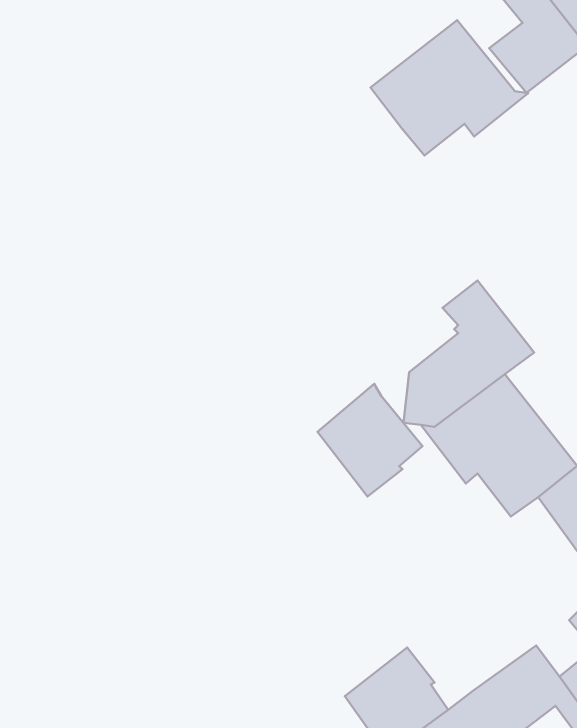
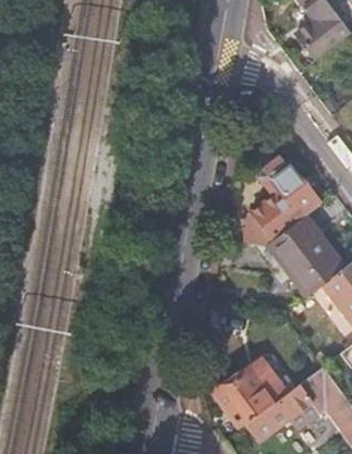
building: [370,20,528,156] -> none
building: [317,384,422,496] -> none

